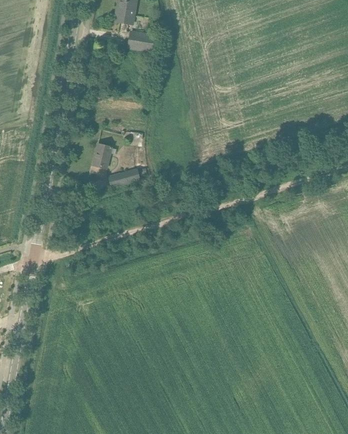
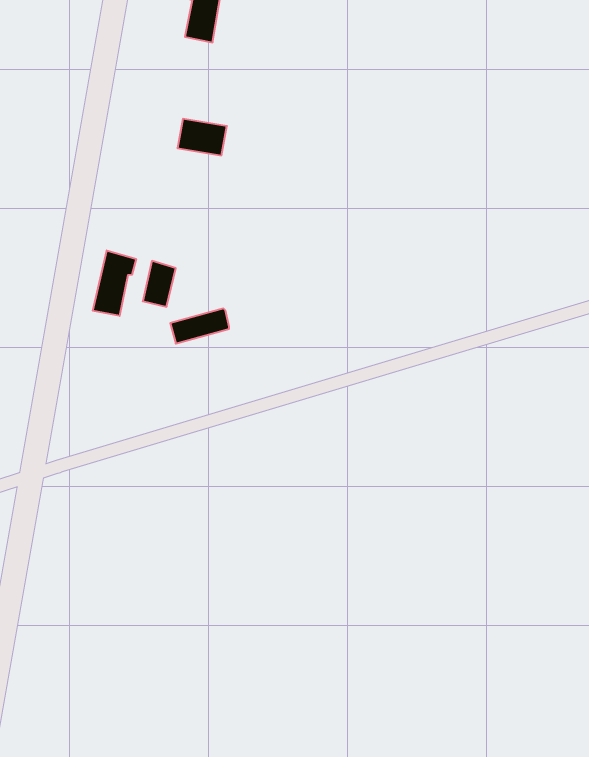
building: [127,32,154,52] -> [177,119,227,155]
building: none -> [93,250,136,316]

